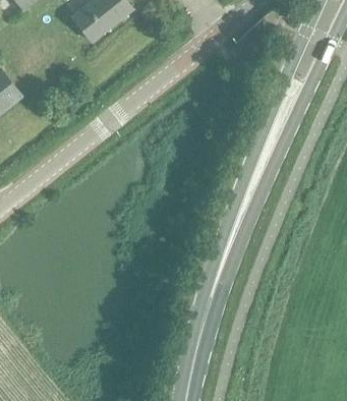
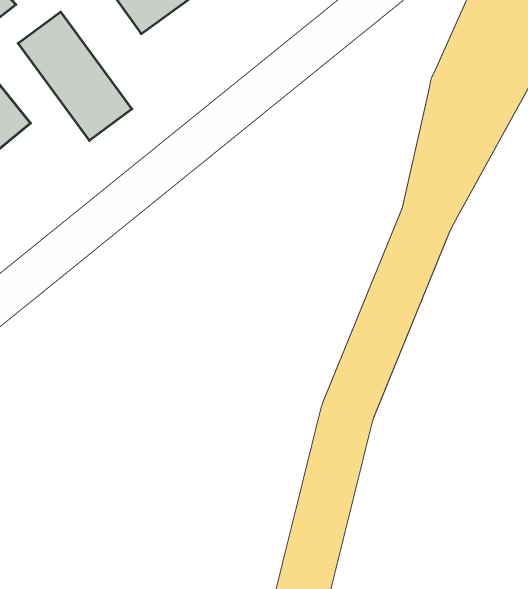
building: none -> [18,12,132,141]

